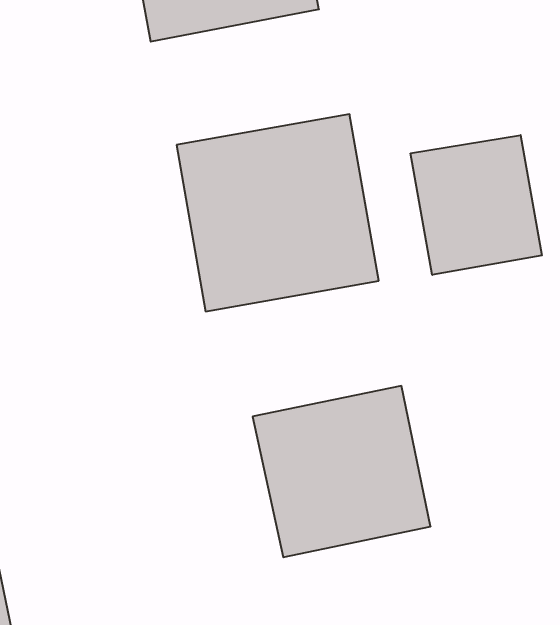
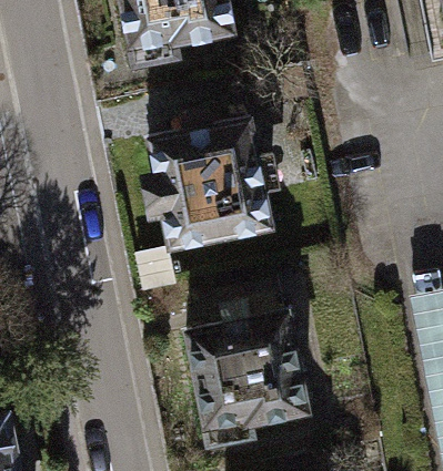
building: [411,135,542,275] -> none

